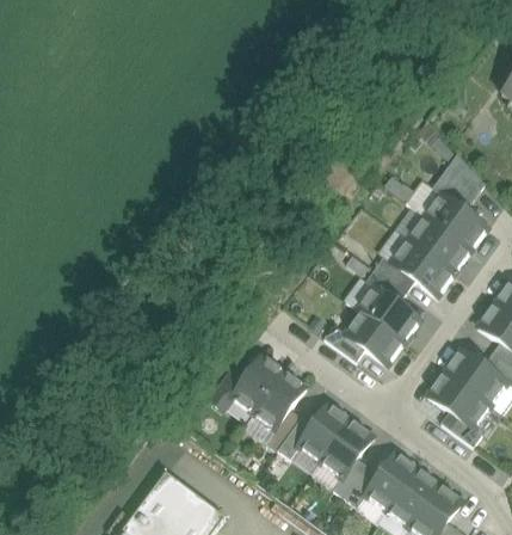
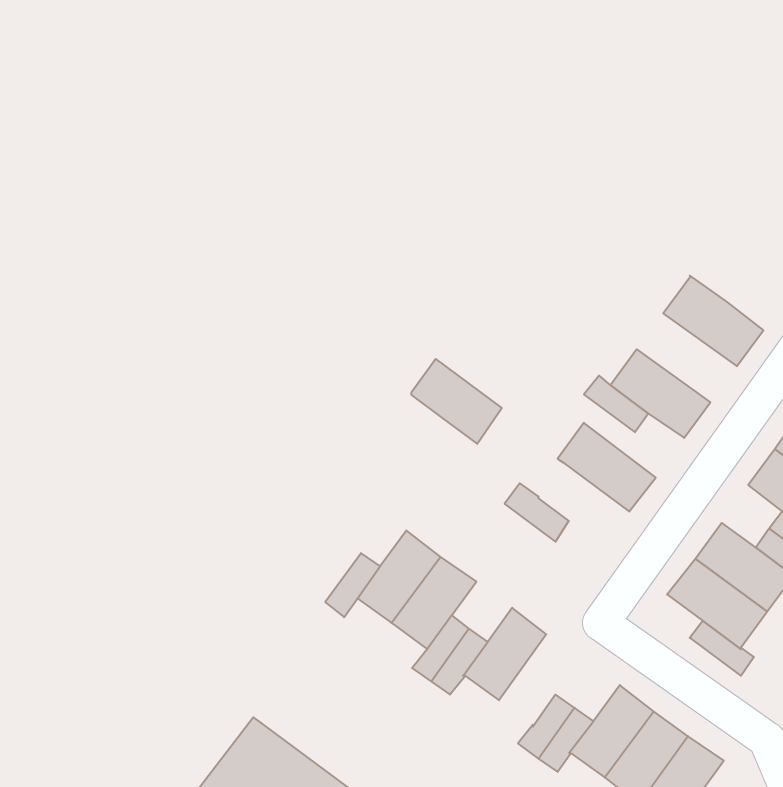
building: [432,153,483,209] -> none
building: [407,216,470,272] -> none
building: [345,310,402,364] -> [411,359,502,444]
building: [320,419,372,478] -> none

